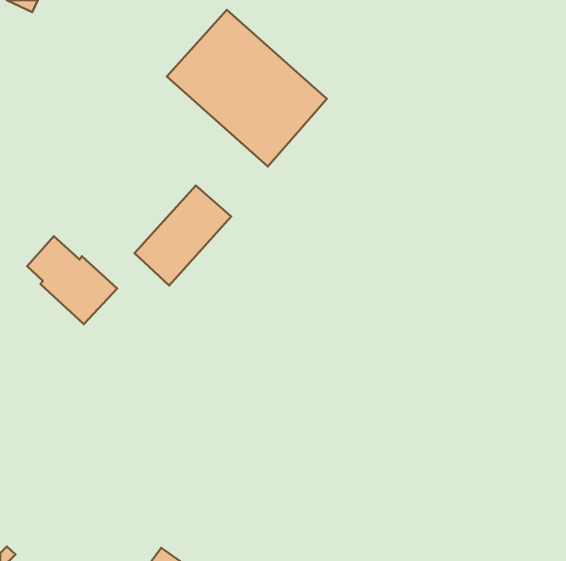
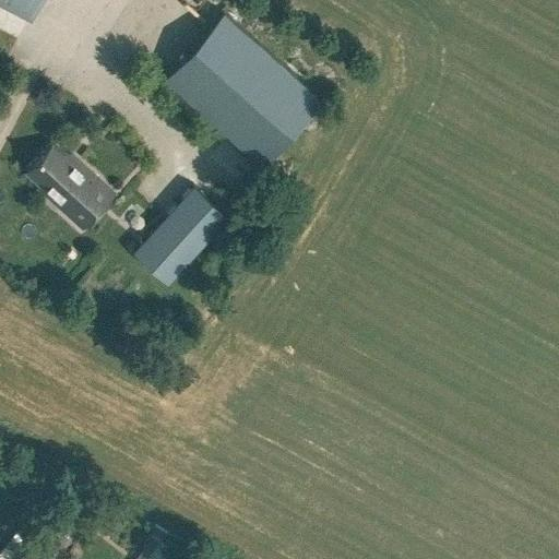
building: [27,236,117,324] -> [27,146,116,233]

